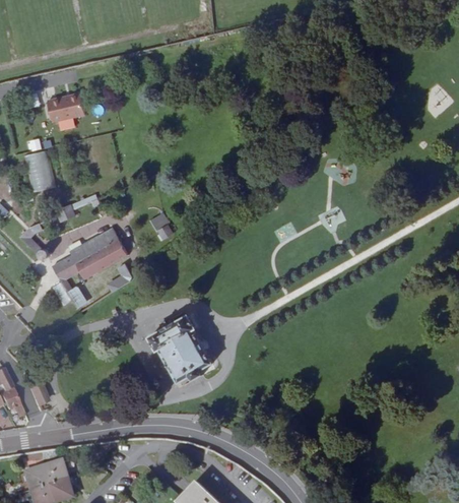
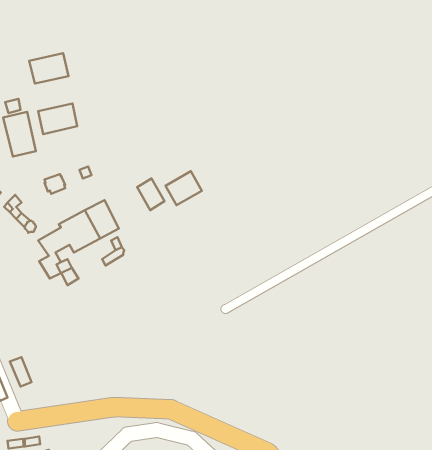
building: none -> [38,104,77,134]
building: none -> [165,171,202,205]
building: [150,314,212,381] -> none

